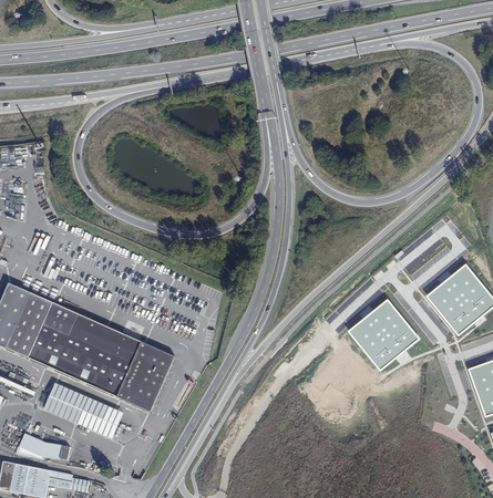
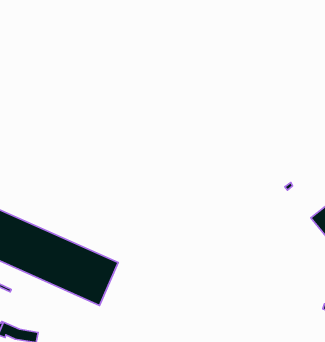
building: [350,301,418,369] -> none
building: [43,383,122,437] -> none

